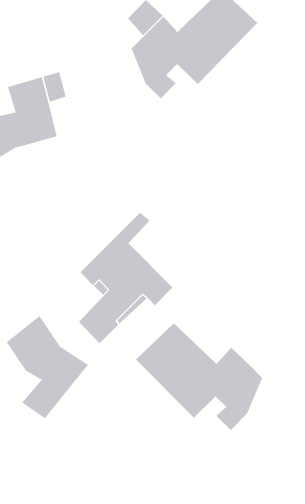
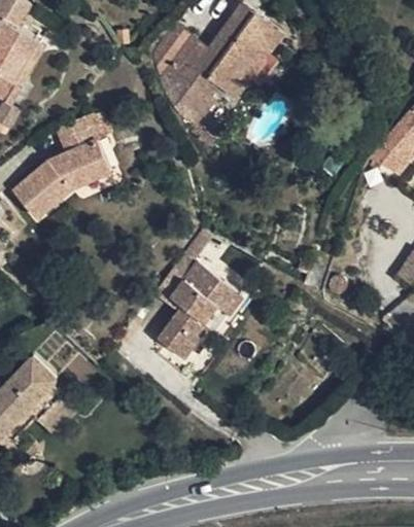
building: [6,315,89,419] -> none
building: [135,323,263,431] -> none

